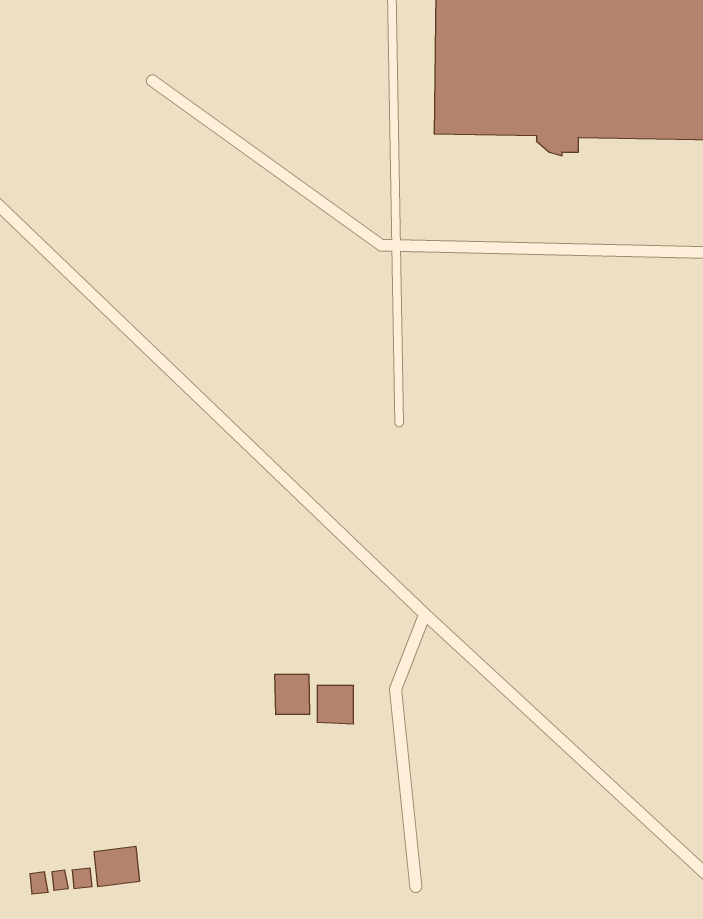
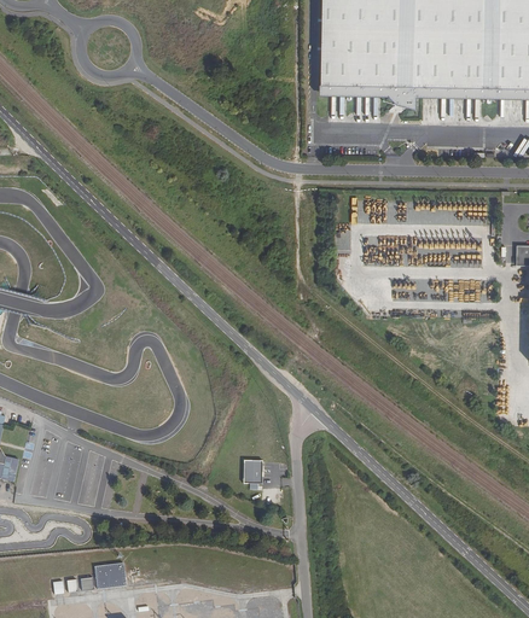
building: [275,674,309,715] -> none

